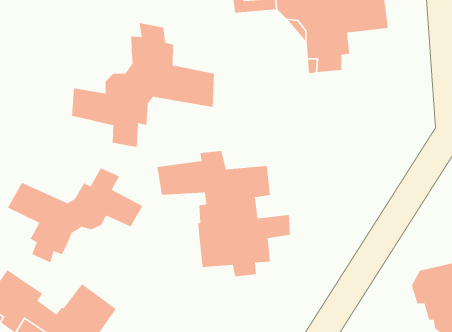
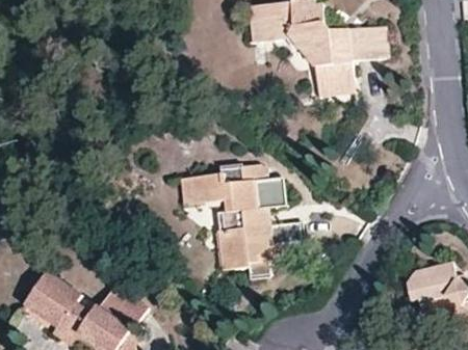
building: [71,22,215,148] -> none
building: [7,167,144,264] -> none

